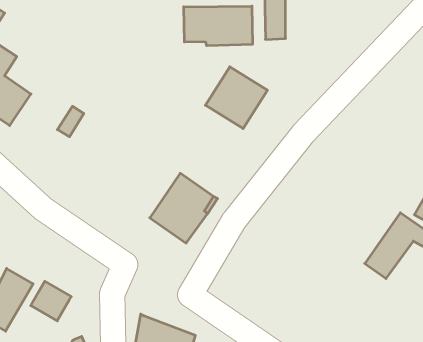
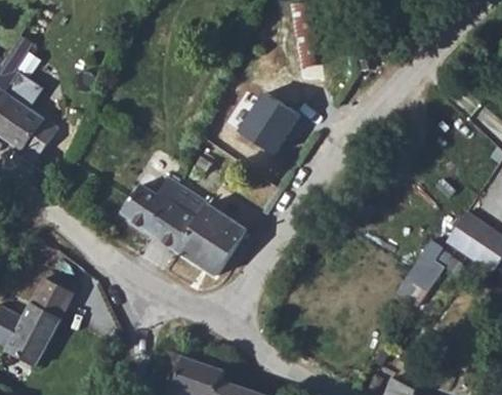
building: [184,6,252,46] -> none
building: none -> [125,177,209,249]
building: [31,281,71,321] -> [34,276,75,316]

